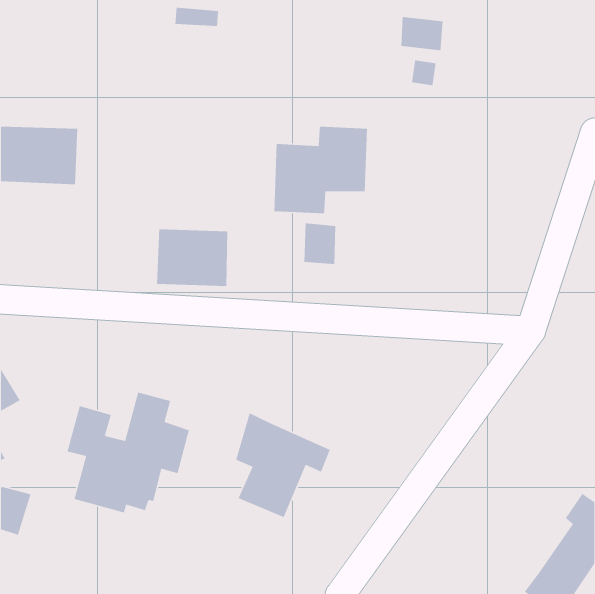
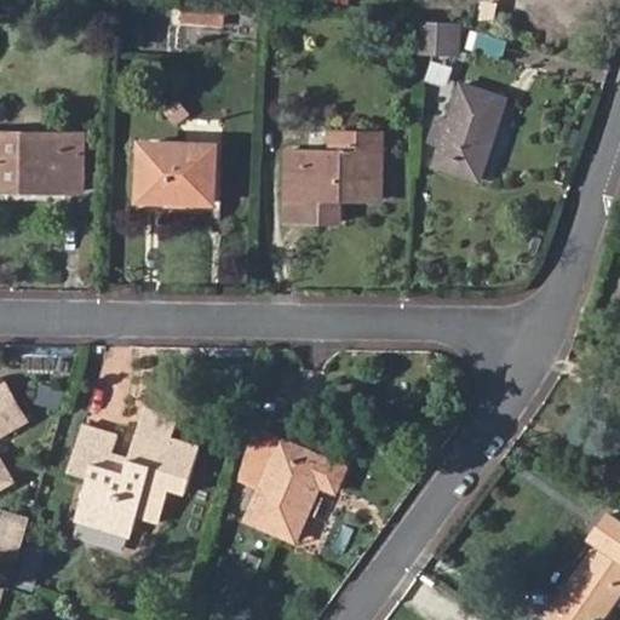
building: none -> [435,84,506,178]
building: [303,222,336,265] -> none
building: [156,229,228,287] -> [139,143,214,203]

